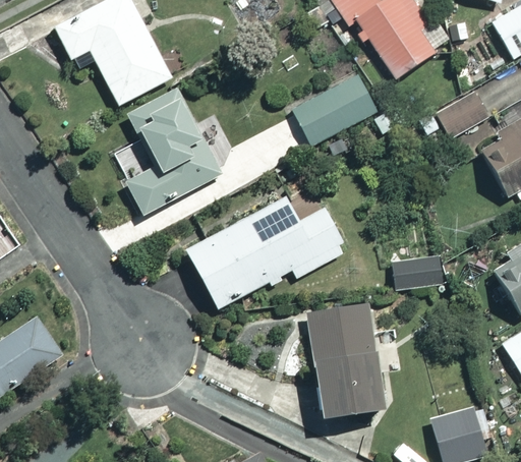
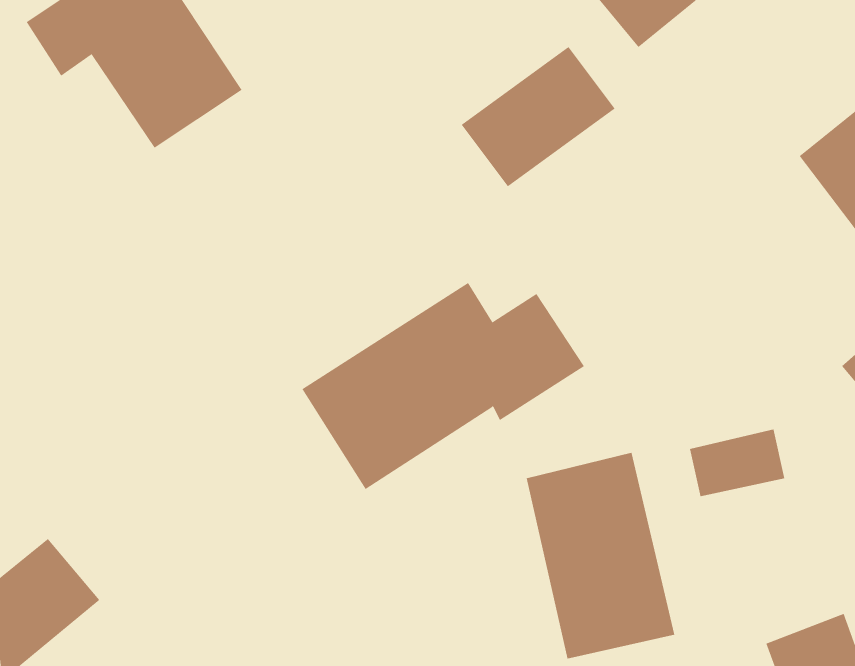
building: [126,88,222,215] -> none
building: [420,94,487,148] -> none
building: [392,256,444,290] -> [689,429,785,497]

